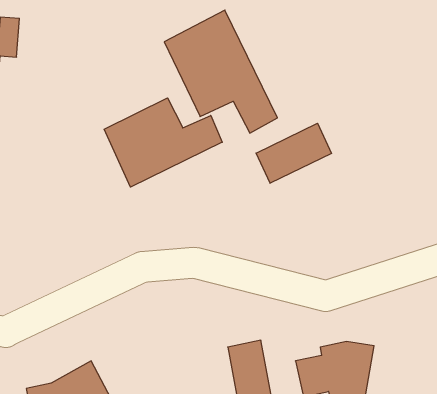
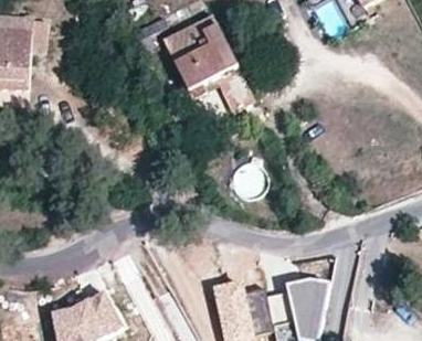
building: [104,98,222,187] -> none
building: [256,123,331,183] -> none

